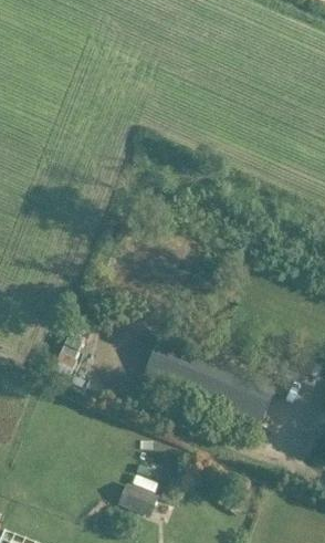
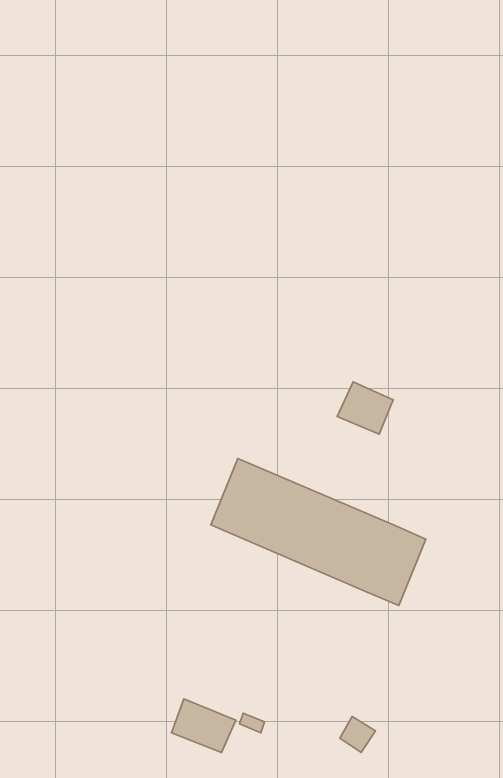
building: none -> [337,382,393,434]

